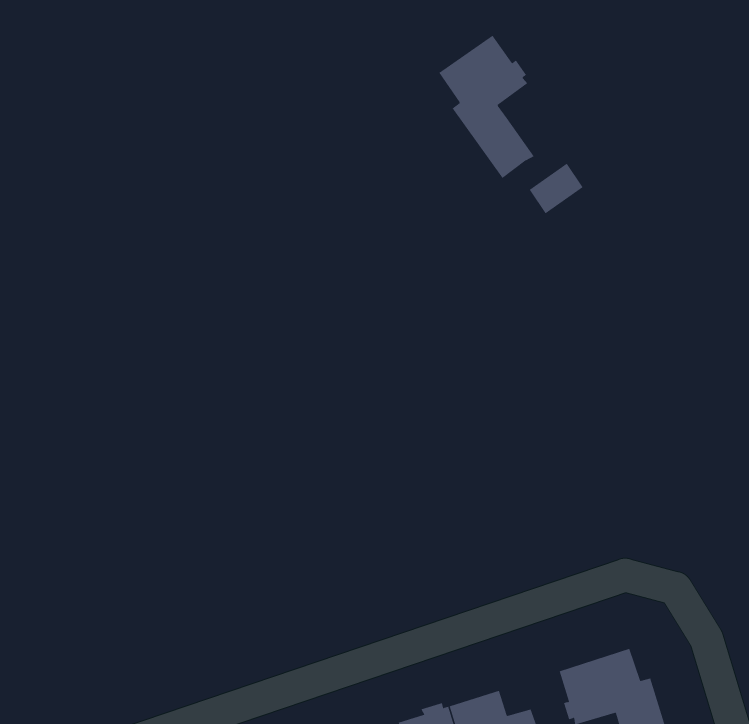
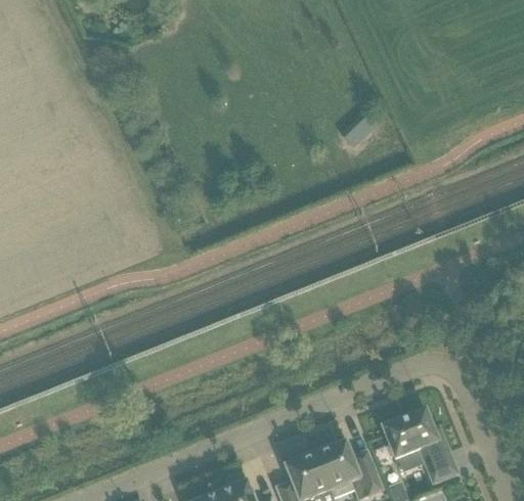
building: [439,35,534,179] -> none

